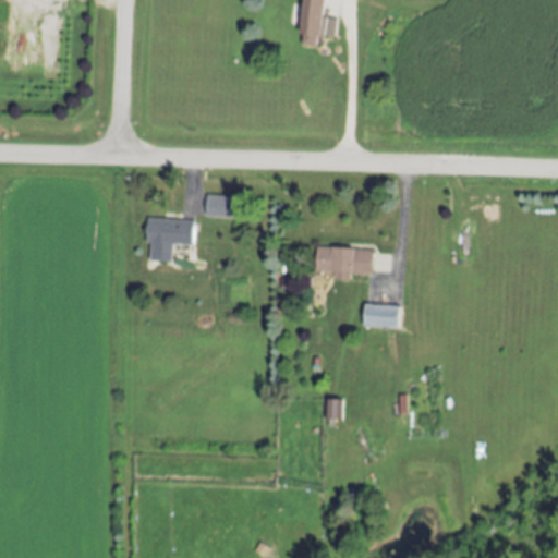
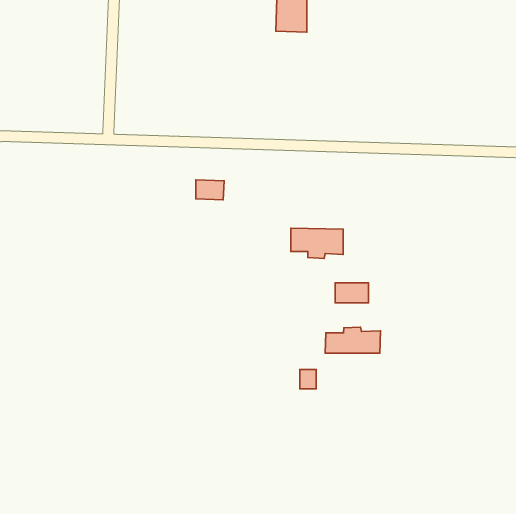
building: [145,217,194,262] -> none
building: none -> [325,327,380,353]

